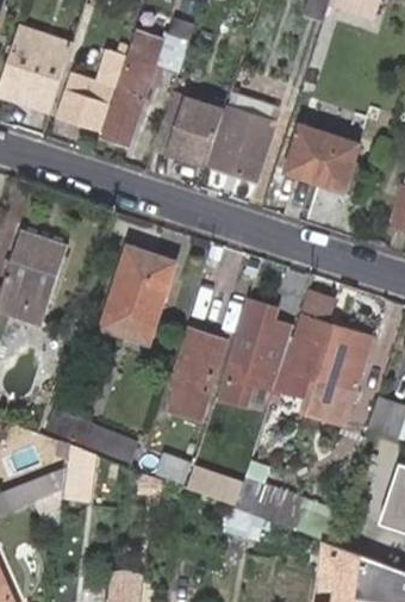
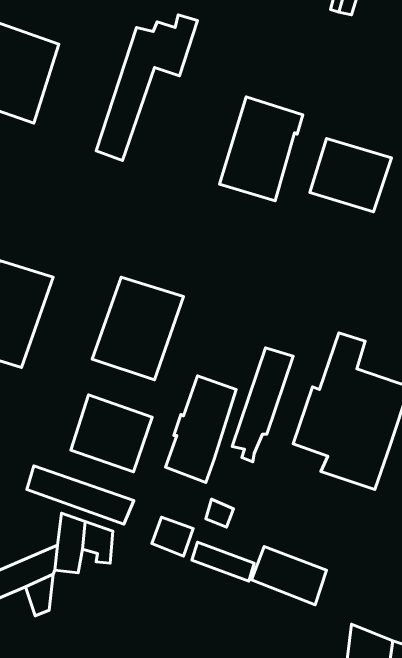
building: [58,44,125,128] -> none
building: [152,95,224,165] -> none
building: none -> [71,395,152,472]

